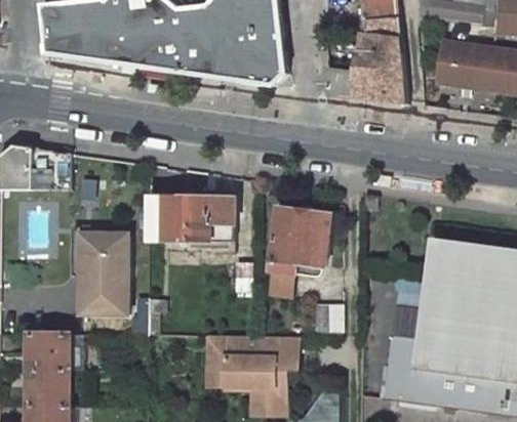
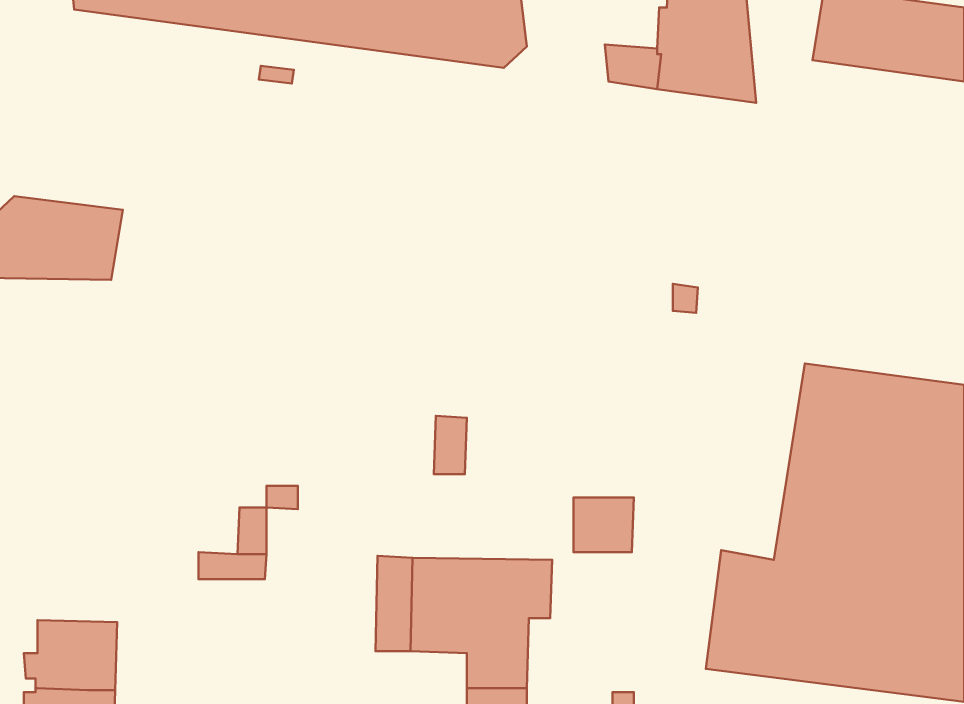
building: [149,195,236,257] -> none
building: [274,208,333,277] -> none
building: [81,233,128,313] -> none
building: [18,335,69,373] -> none

